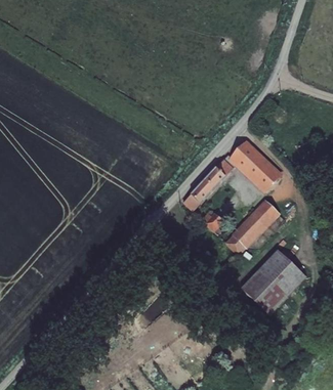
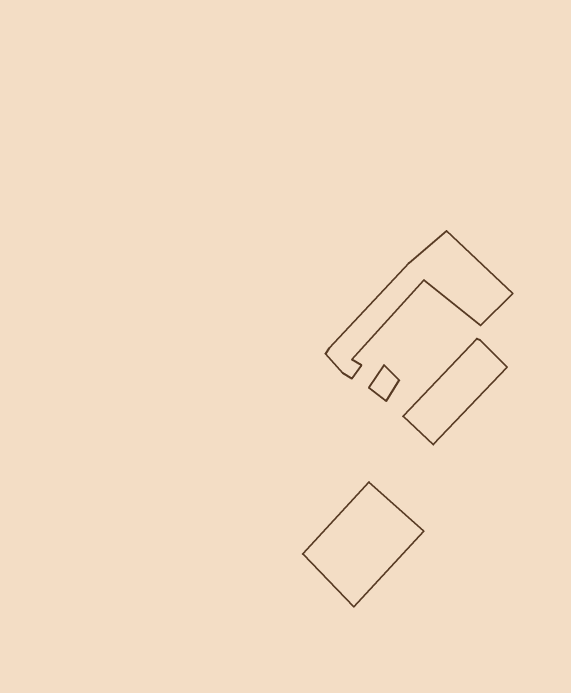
building: [242,250,307,317] -> [303,482,424,607]

